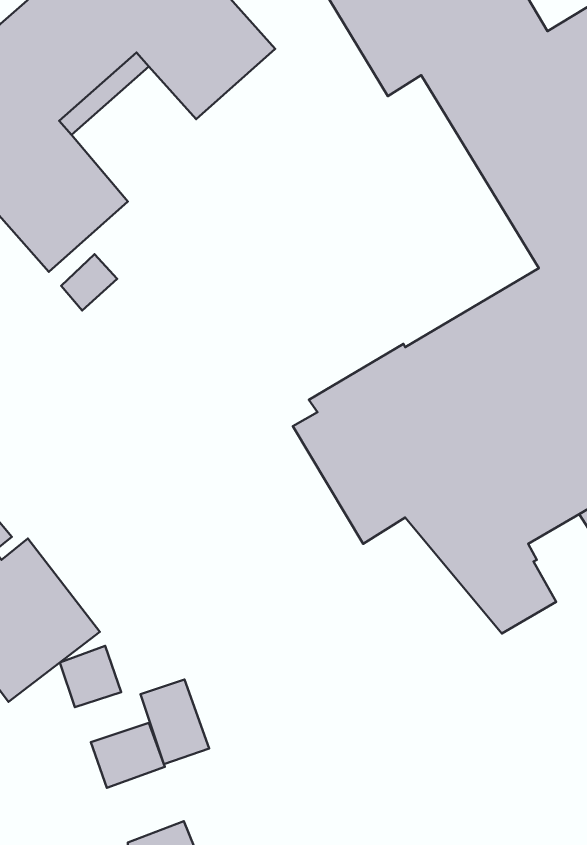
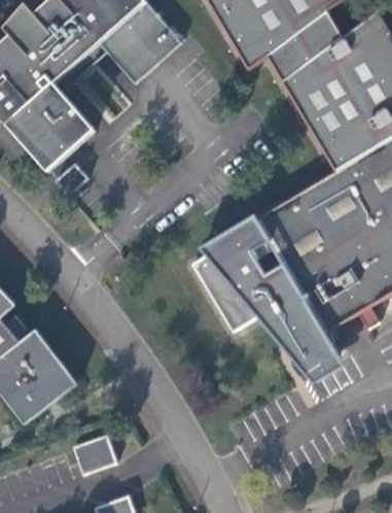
building: [60,646,121,707] -> none
building: [140,680,209,764] -> none

